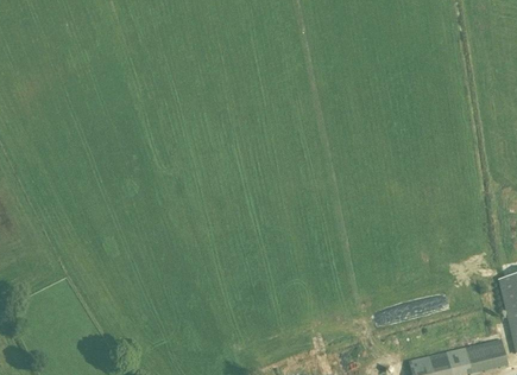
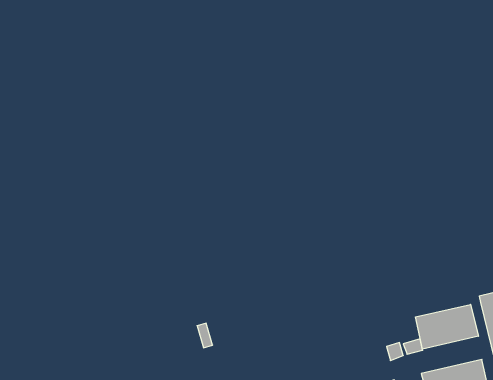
building: none -> [416,304,478,349]

